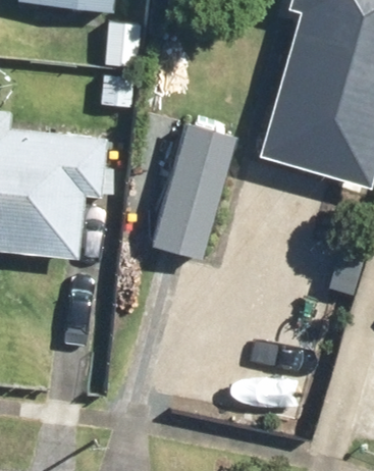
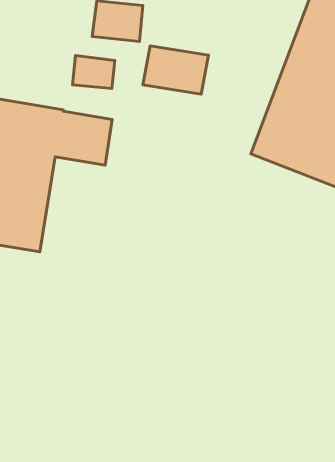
building: [157,114,251,259] -> none

